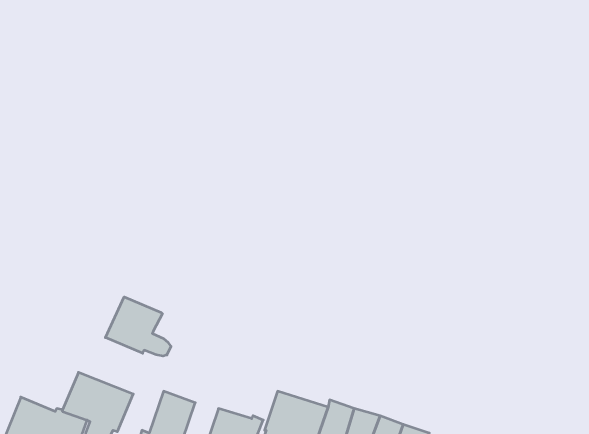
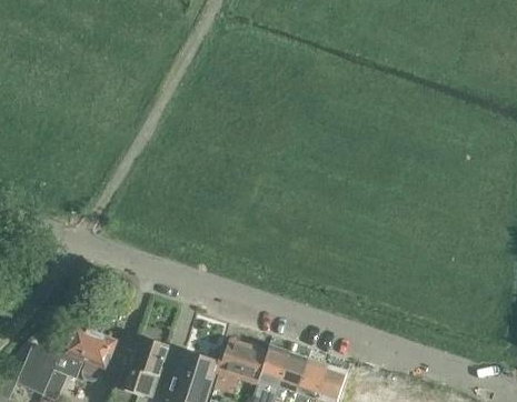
building: [105,297,171,356] -> none

